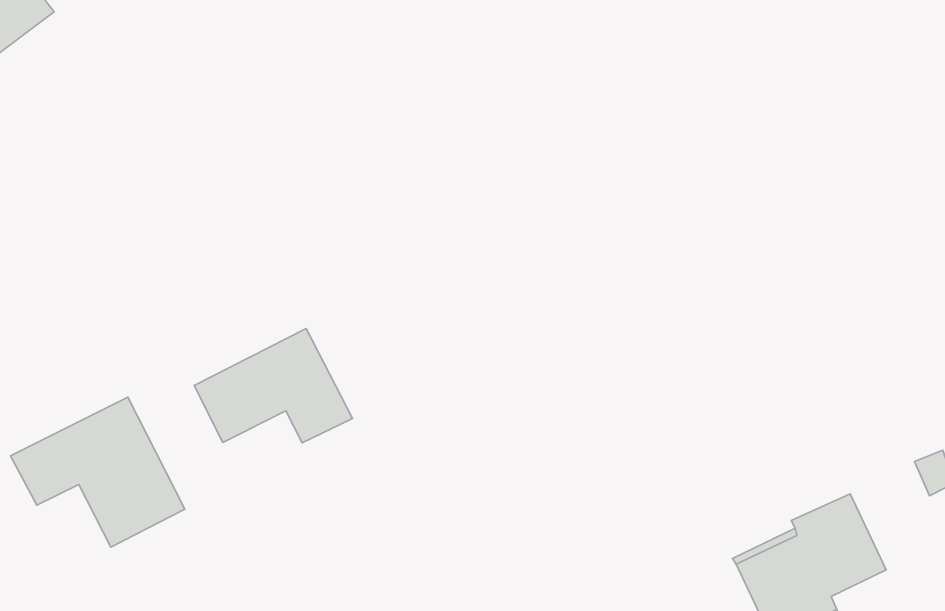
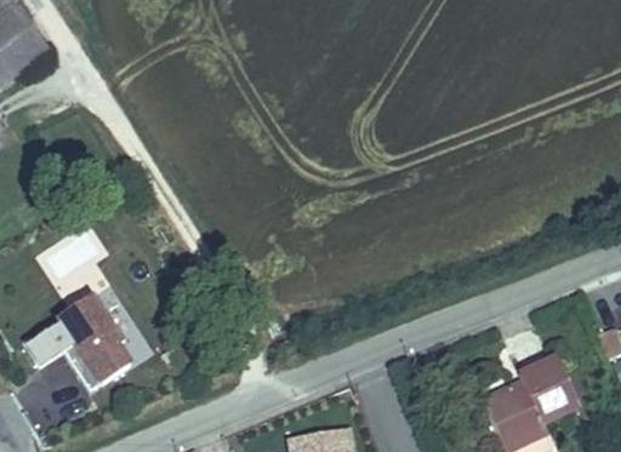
building: [194,329,353,443] -> none

